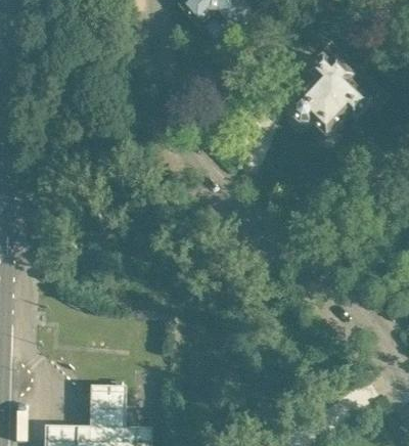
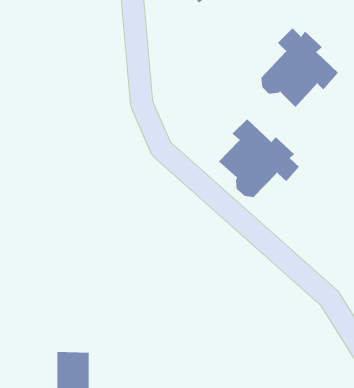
building: none -> [218,119,300,198]

